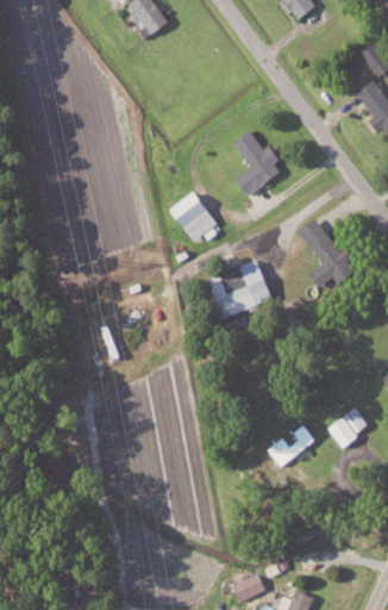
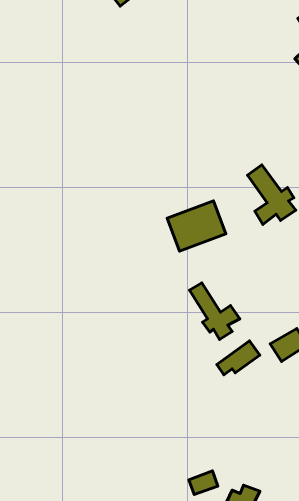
building: [232,130,281,195] -> none
building: [169,191,218,242] -> none
building: none -> [189,283,240,340]

